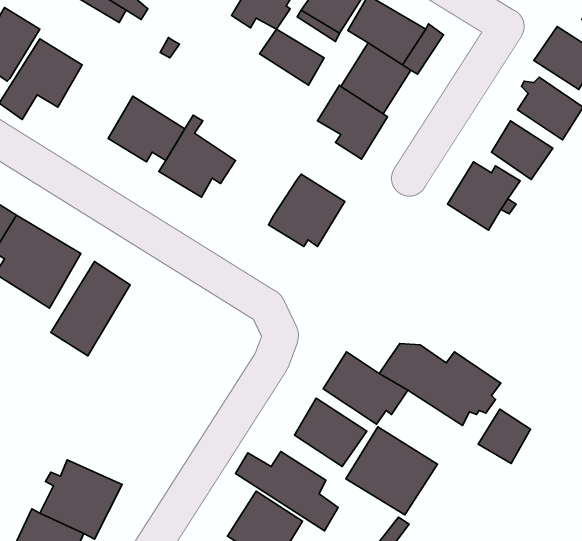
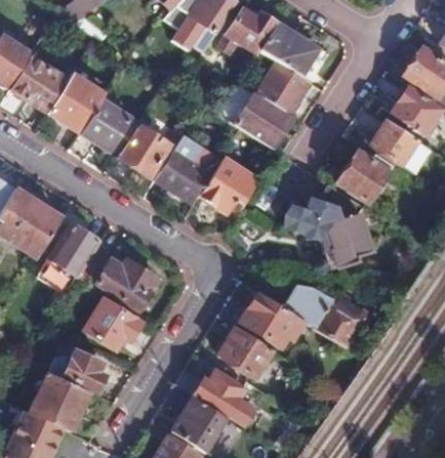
building: [260,29,324,85] -> none
building: none -> [49,68,105,132]
building: none -> [158,147,224,201]
building: none -> [287,188,382,272]
building: none -> [80,253,158,309]
building: none -> [83,298,140,349]
building: [478,409,531,464] -> none
building: [346,427,438,515] -> none
building: none -> [55,348,107,391]

